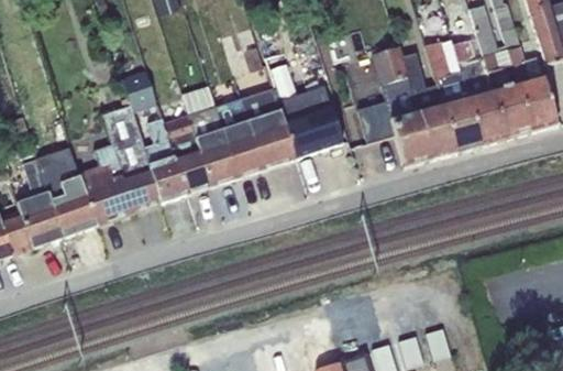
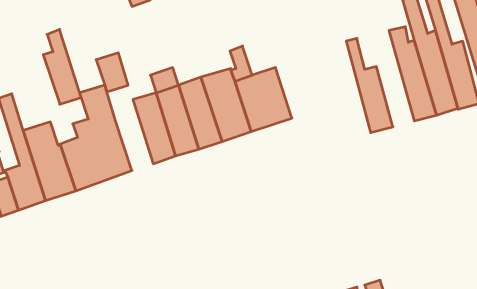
building: [426,35,481,152] -> none
building: [356,44,431,166] -> none
building: [142,117,185,201] -> [43,29,81,104]

